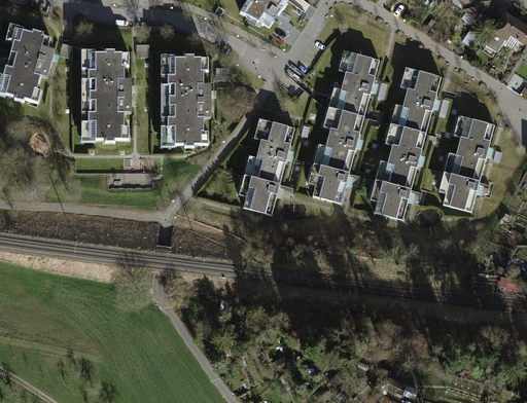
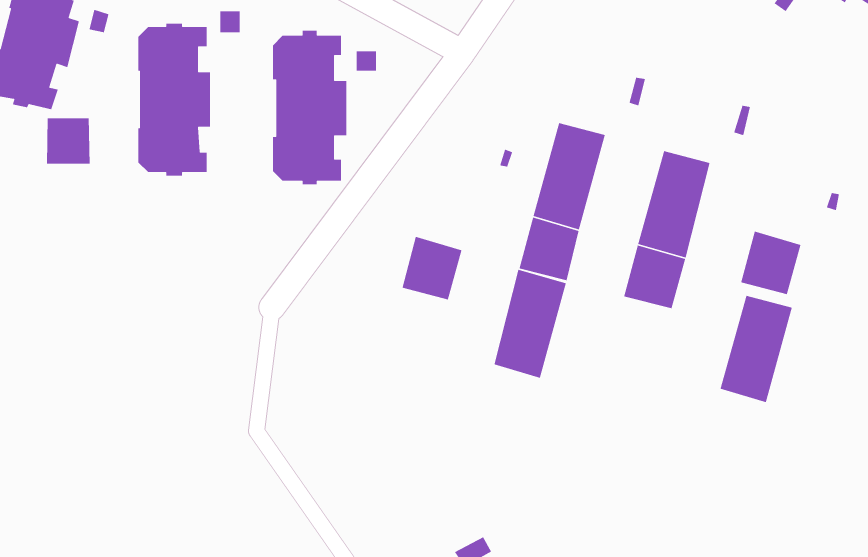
building: [335,51,378,115] -> none
building: [396,68,440,132] -> none
building: none -> [46,117,90,164]
building: [450,116,493,180] -> [719,295,793,403]
building: [250,118,293,183] -> [493,269,567,379]

